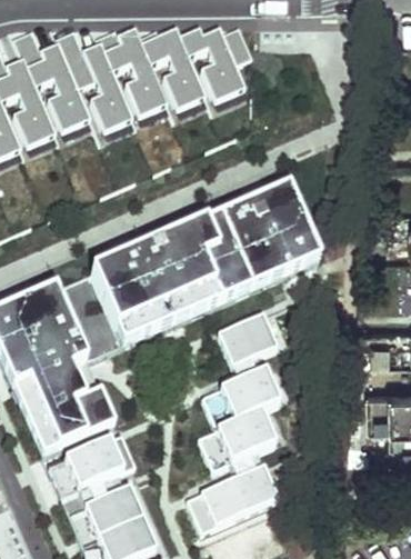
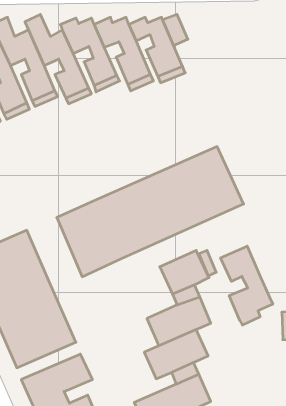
building: [56,272,123,359] -> none
building: none -> [221,246,273,325]

